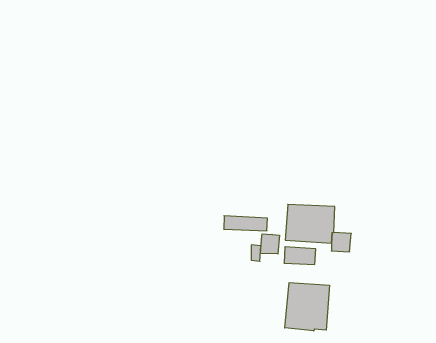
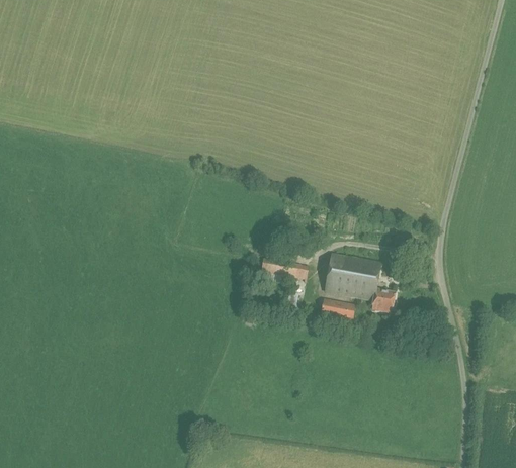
building: [260,234,279,254] -> none
building: [285,283,329,331] -> none

